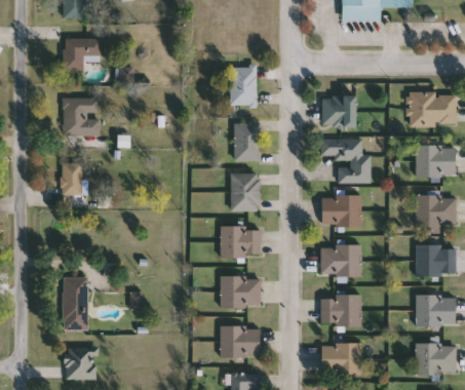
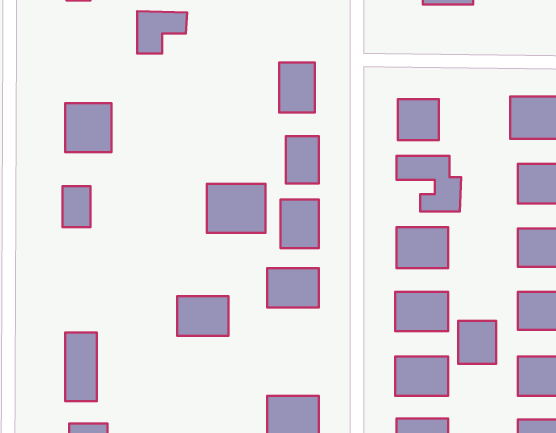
building: [63,38,102,71] -> [137,11,187,53]
building: none -> [207,184,265,233]
building: none -> [458,321,496,364]
building: [220,276,260,307] -> [177,296,229,336]

